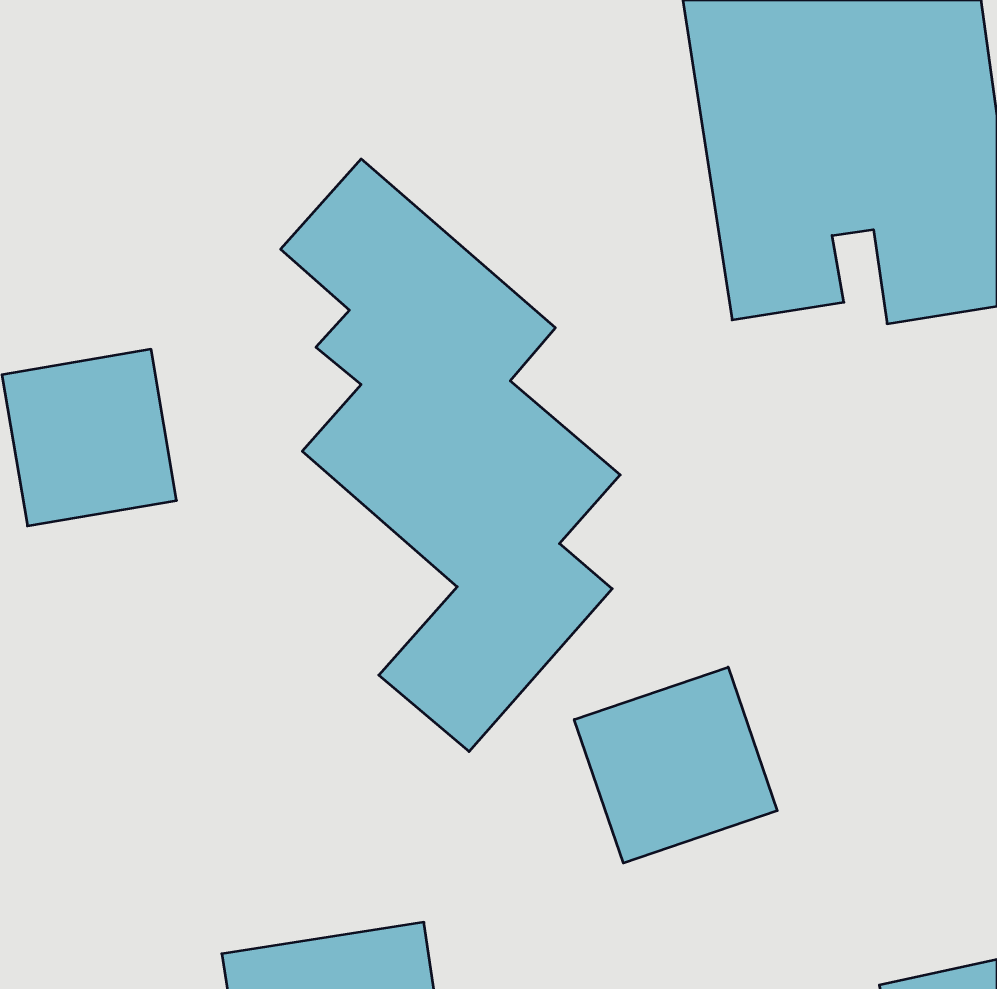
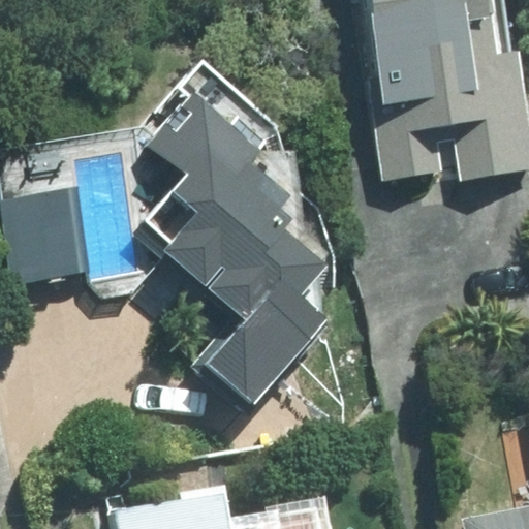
building: [574,667,777,863] -> none

